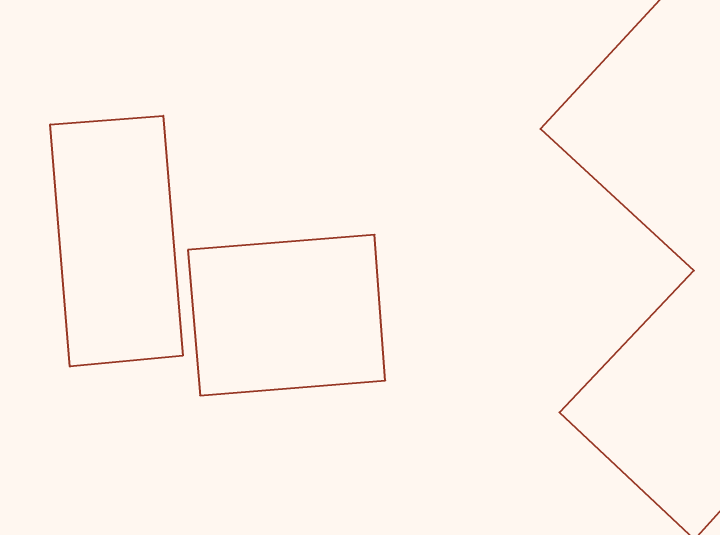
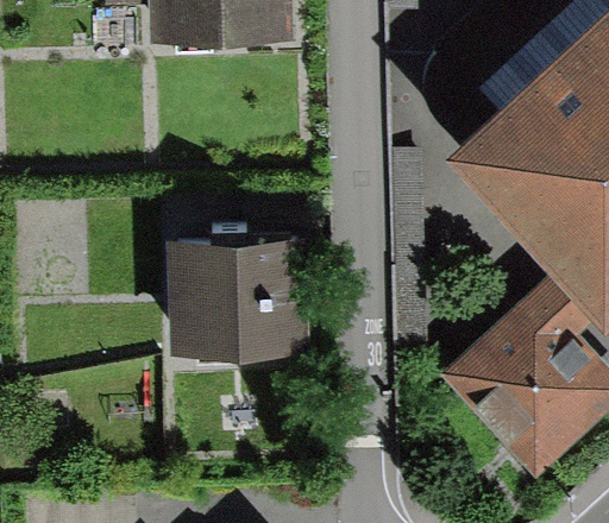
building: [50,116,183,367] -> none

